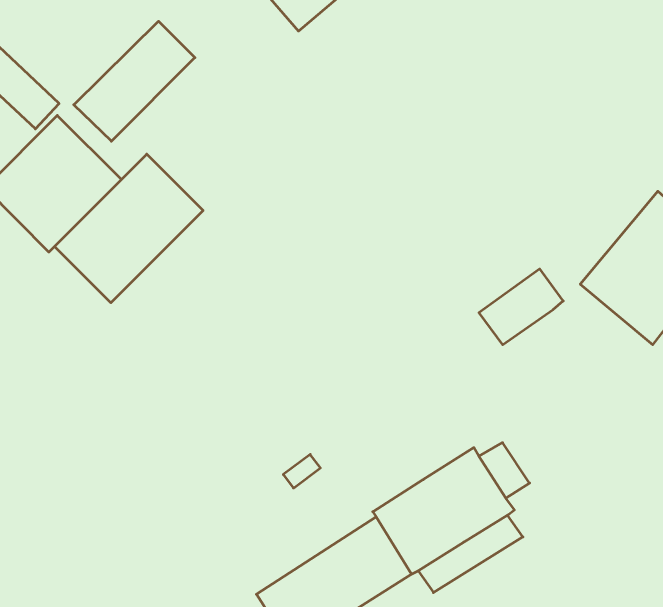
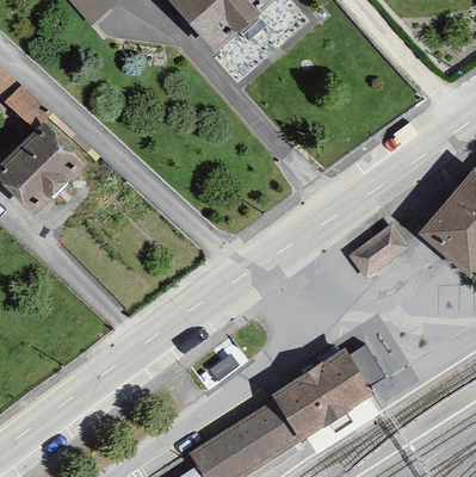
building: [74,21,195,141] -> none
building: [55,154,203,303] -> none

